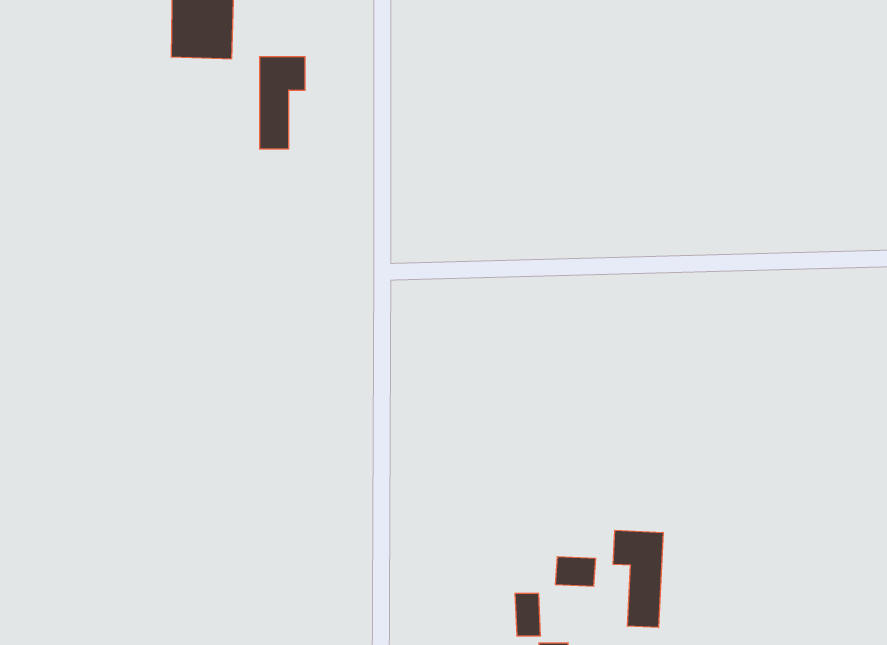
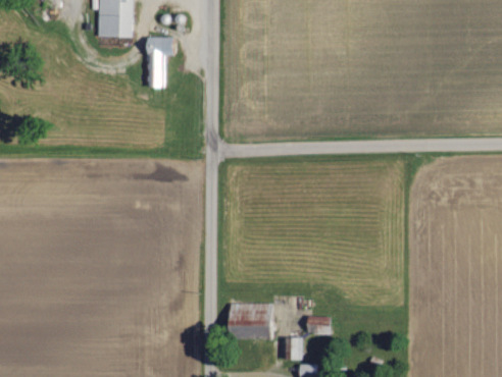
building: [613,530,663,628] -> none
building: none -> [234,302,273,333]

